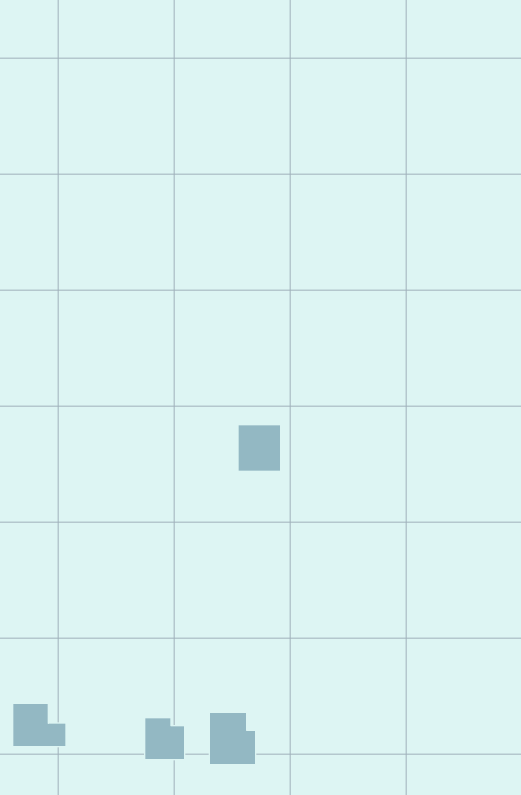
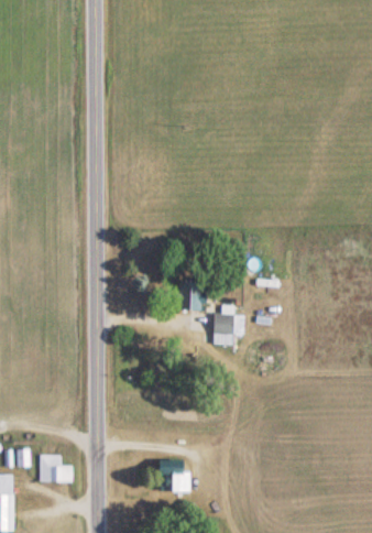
building: none -> [215,315,244,345]
building: [145,717,184,760] -> none

